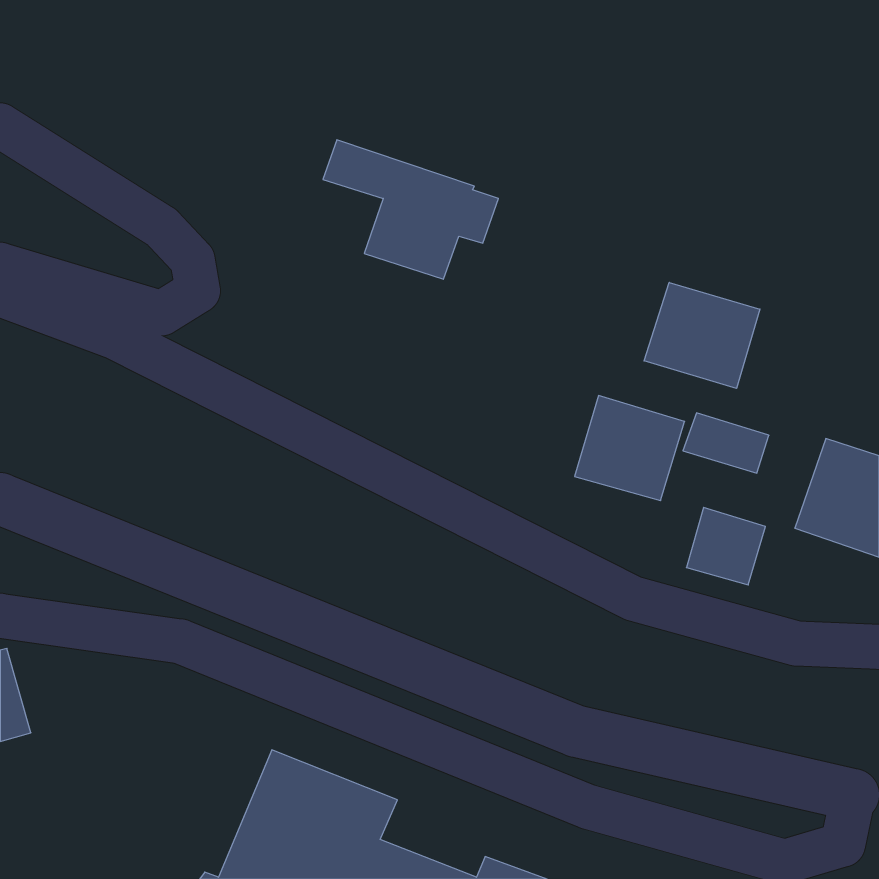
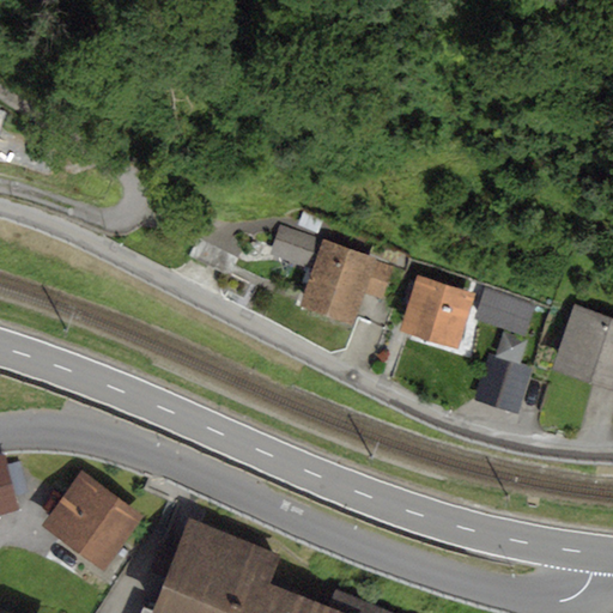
building: [323,140,498,279] -> [271,226,393,323]
building: [644,282,760,388] -> none
building: none -> [41,471,142,572]

